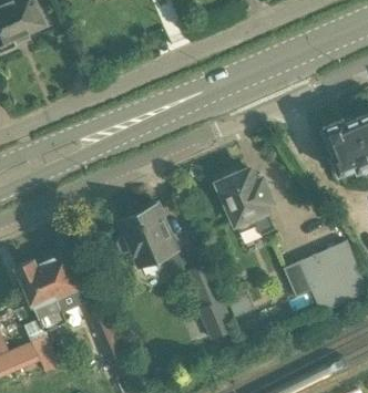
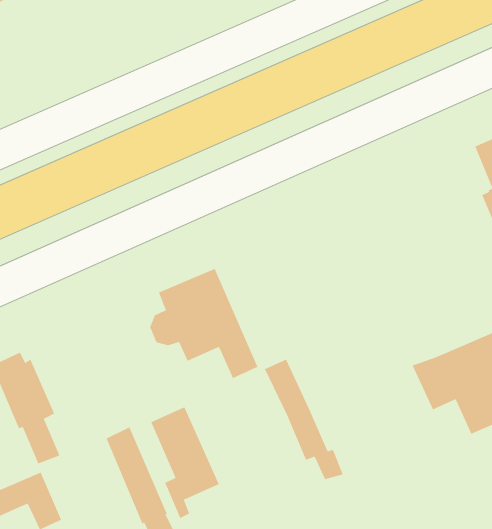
building: [218,168,275,234] -> none
building: [40,252,84,324] -> [150,406,220,519]

